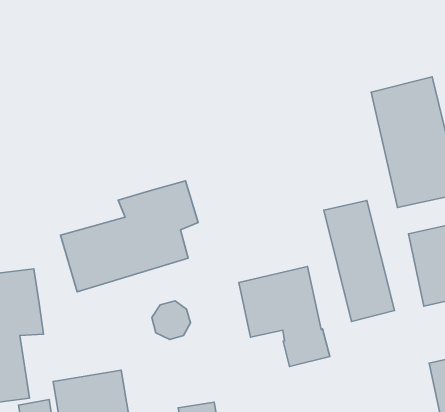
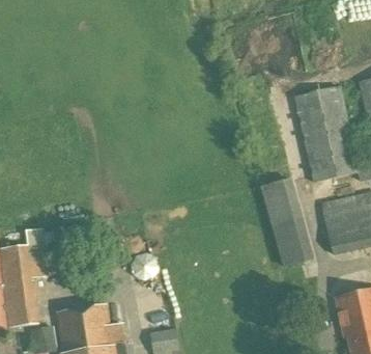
building: [60,181,198,292] -> none
building: [239,267,330,367] -> none

